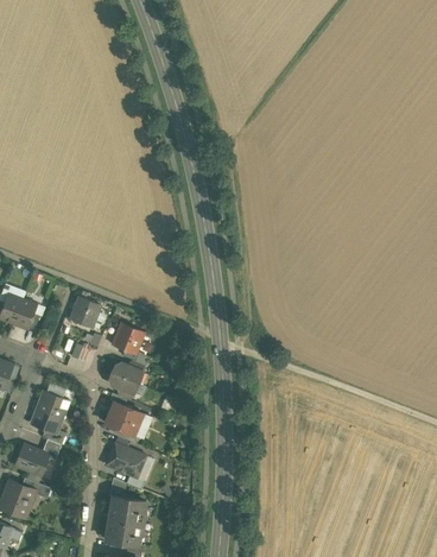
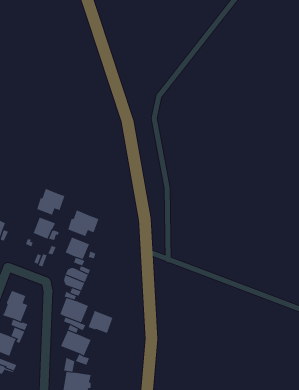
building: none -> [37,188,66,216]
building: none -> [68,209,100,237]
building: none -> [88,310,113,334]

